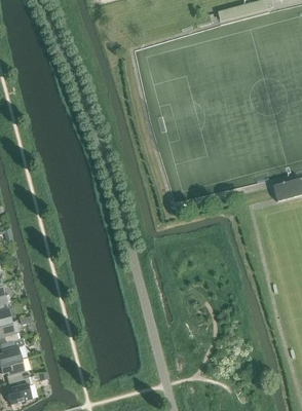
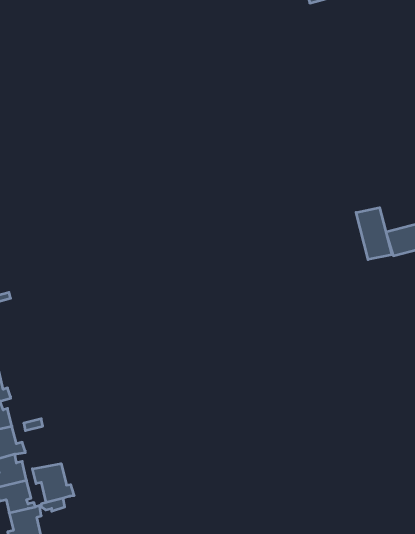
building: none -> [356,208,392,260]
building: none -> [32,464,74,502]

